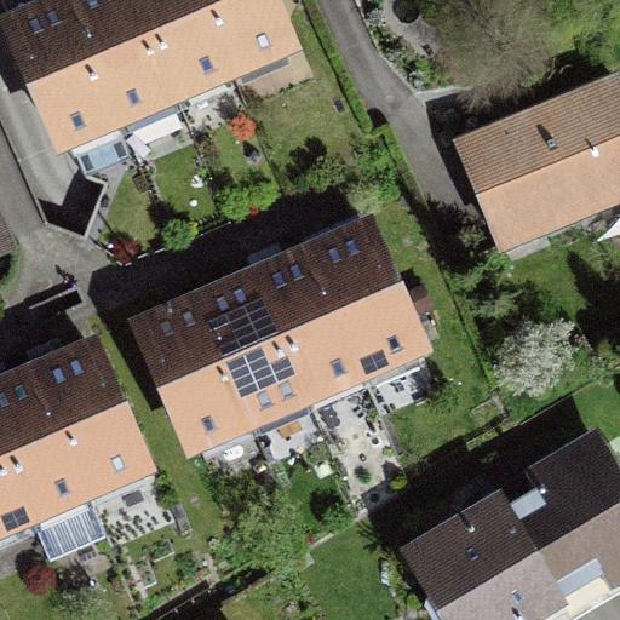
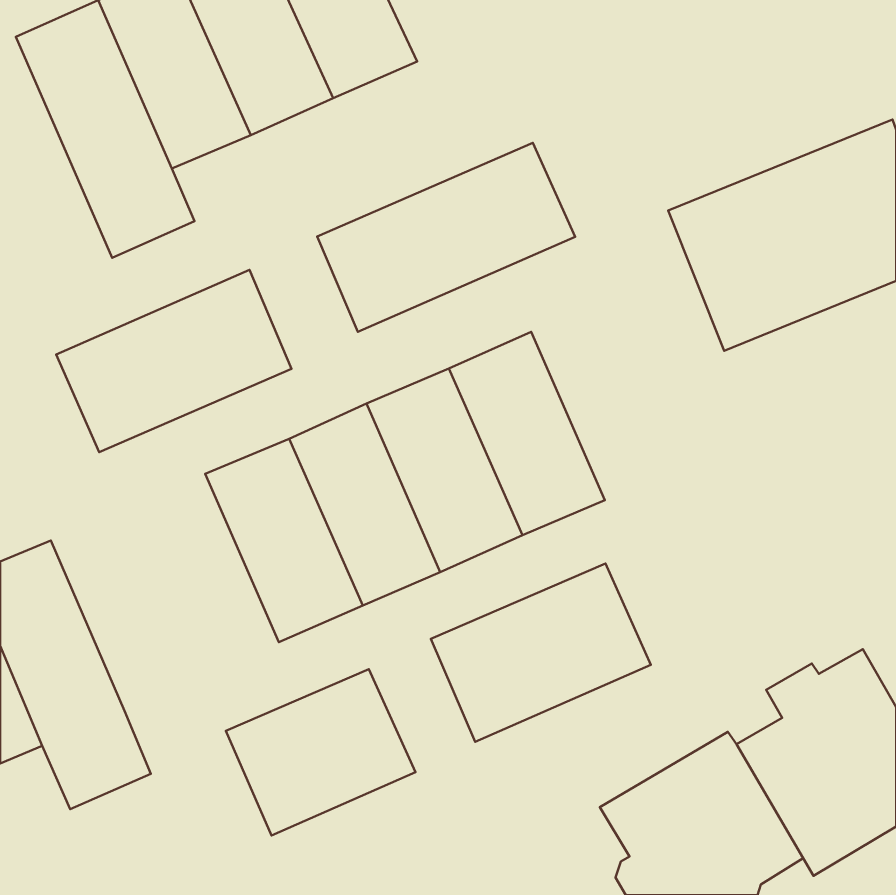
building: none -> [317,143,575,332]
building: none -> [56,270,291,452]
building: [35,349,142,490] -> none
building: none -> [431,563,651,742]
building: none -> [226,669,415,835]

